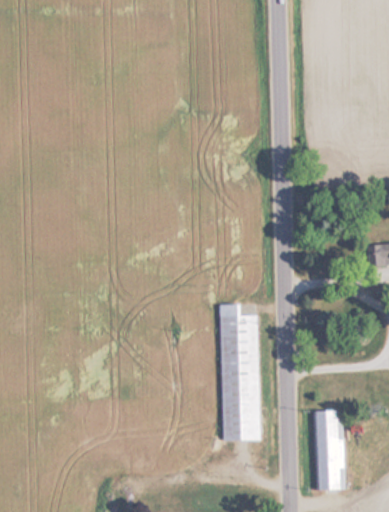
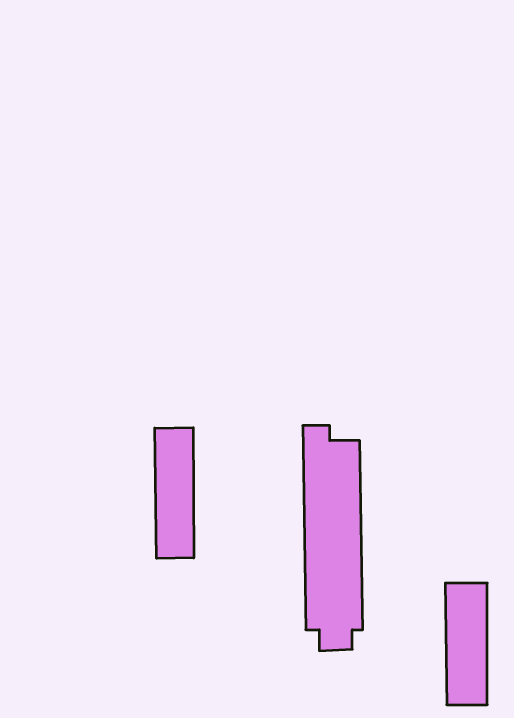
building: none -> [155,428,194,558]

